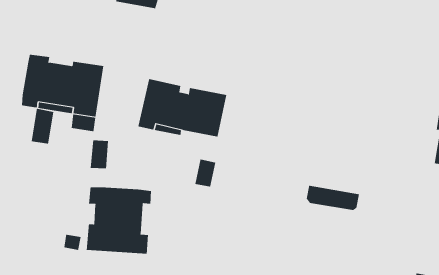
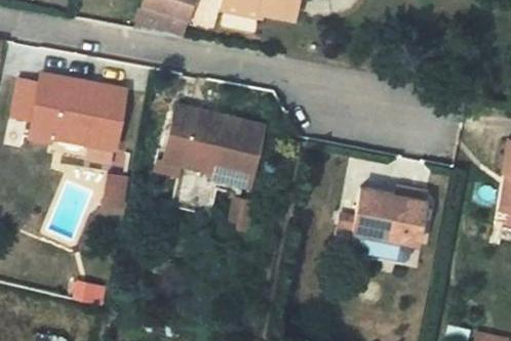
building: [31,108,54,144] -> [11,88,38,129]
building: none -> [354,187,426,242]
building: [86,186,151,255] -> none

